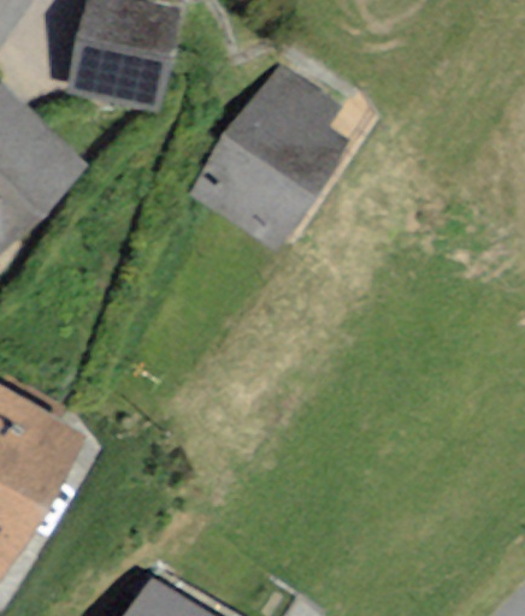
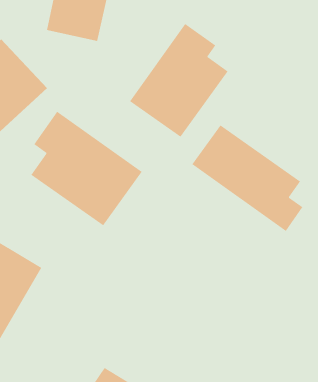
building: none -> [31,111,143,226]
building: none -> [191,125,303,232]

